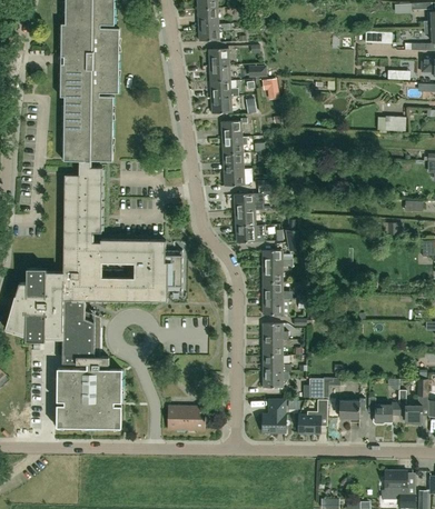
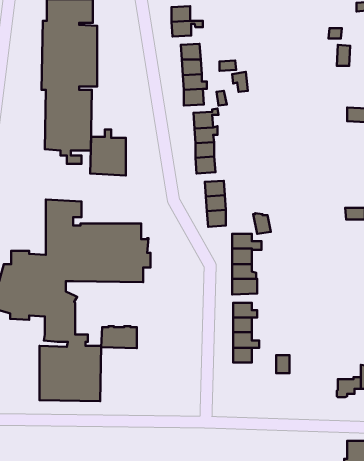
building: [65,167,102,216] -> [90,130,126,176]
building: [339,398,365,421] -> none
building: [298,399,327,433] -> none
building: [263,400,286,432] -> none
building: [168,406,206,429] -> [101,326,137,348]

